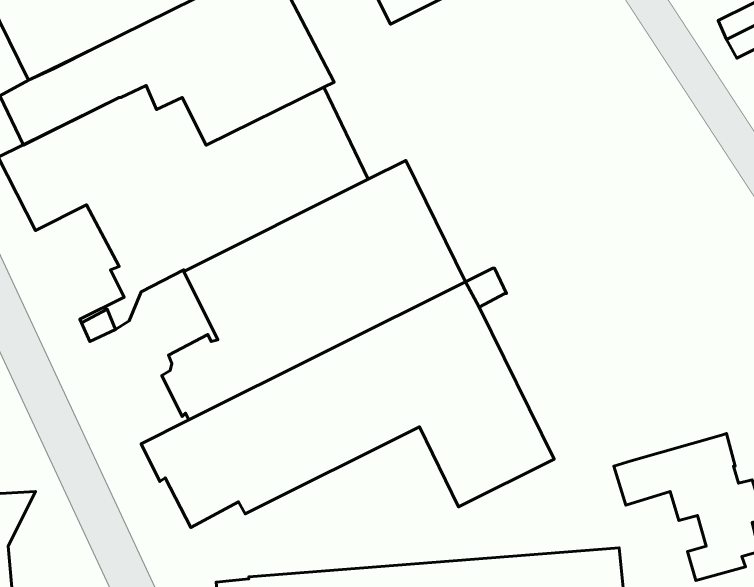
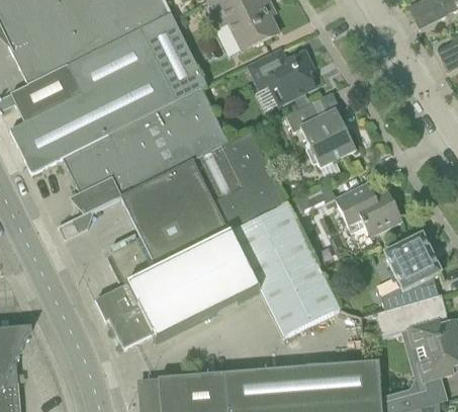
building: none -> [248,51,314,101]
building: none -> [285,101,355,167]
building: none -> [335,185,401,236]
building: none -> [380,233,441,310]

